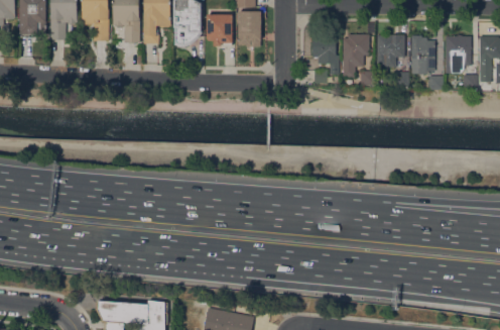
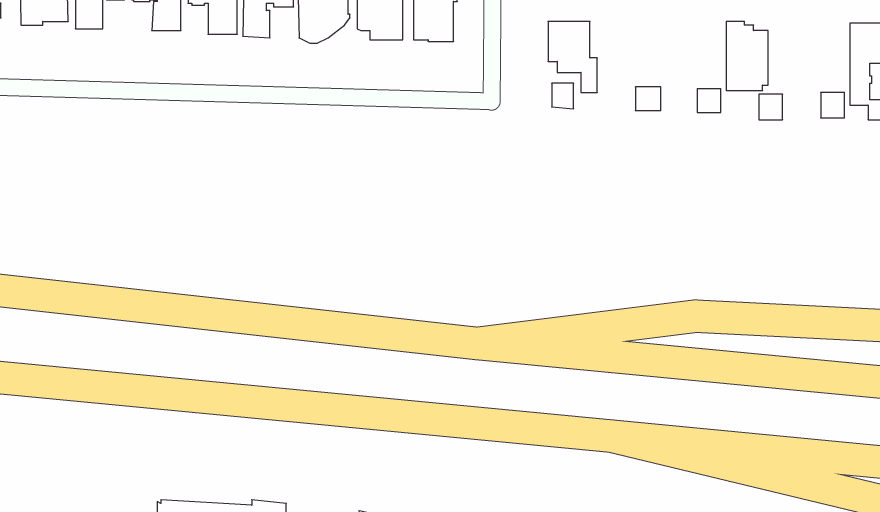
building: [343,34,369,78] -> none
building: [377,35,404,67] -> none
building: [446,35,471,73] -> none

